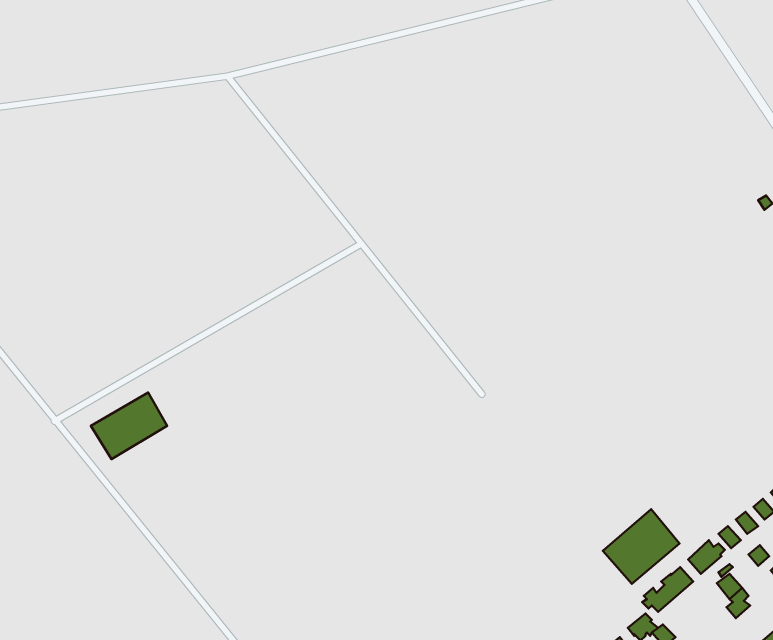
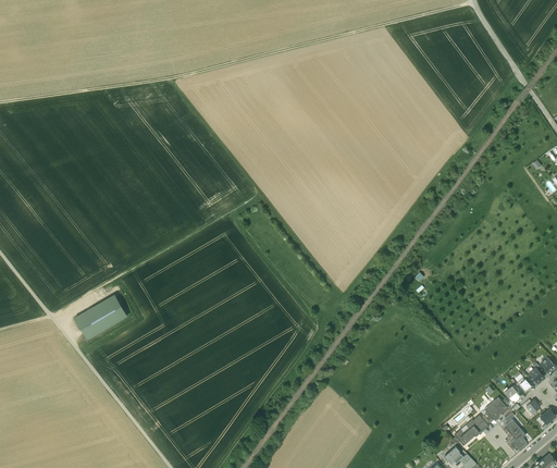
building: [603,509,680,584] -> none

